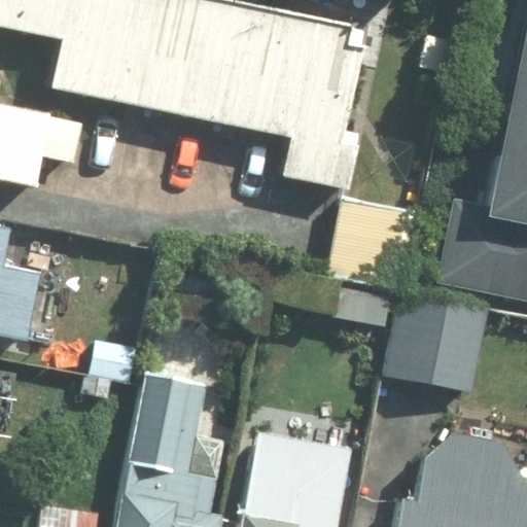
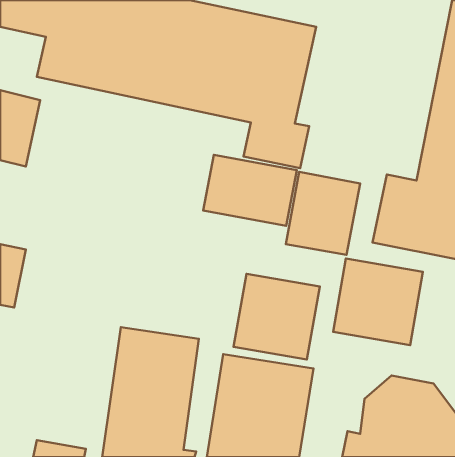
building: none -> [203,155,297,226]
building: none -> [234,274,320,359]

